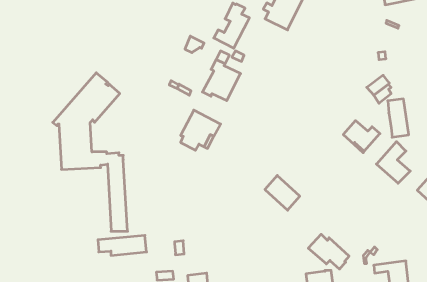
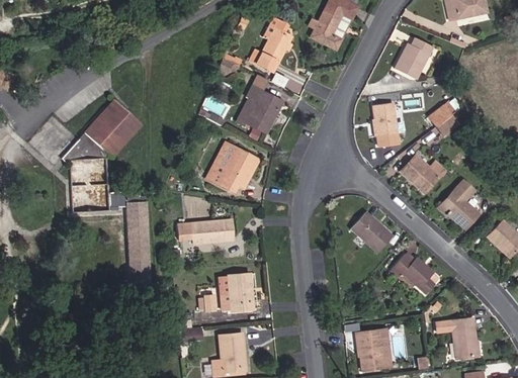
building: none -> [395,36,432,79]
building: [388,99,409,137] -> [373,102,398,147]
building: [265,175,300,210] -> [351,211,392,252]
building: none -> [220,273,253,310]
building: [308,234,349,269] -> [391,253,438,293]
building: [98,235,147,255] -> [177,219,234,243]

